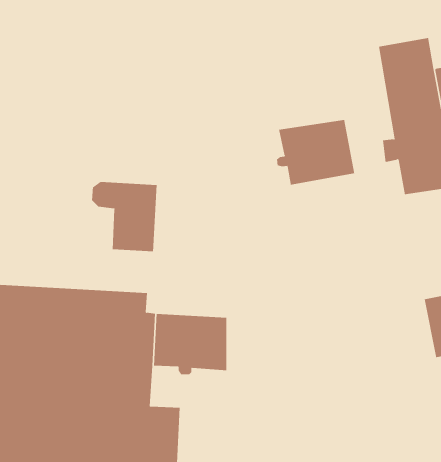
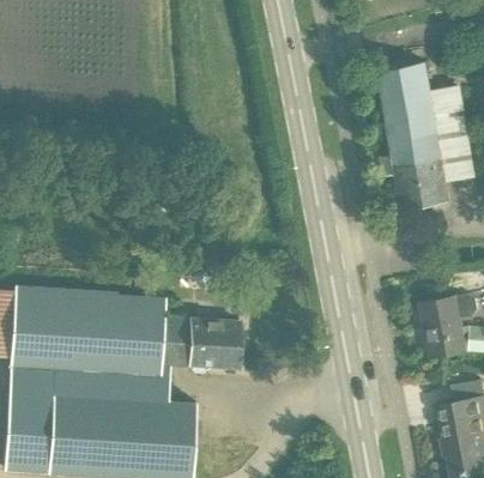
building: [276,119,355,185] -> none
building: [92,181,157,252] -> none

